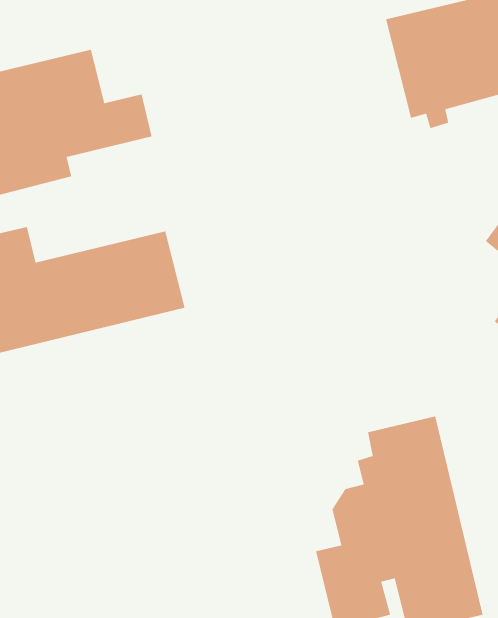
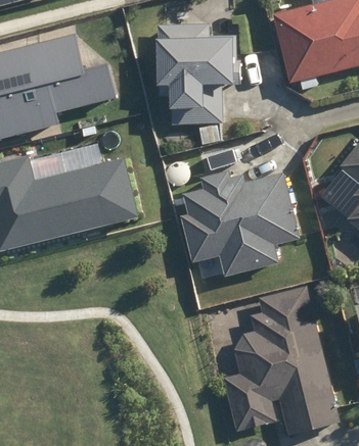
building: none -> [154,12,232,143]
building: none -> [182,171,298,272]

